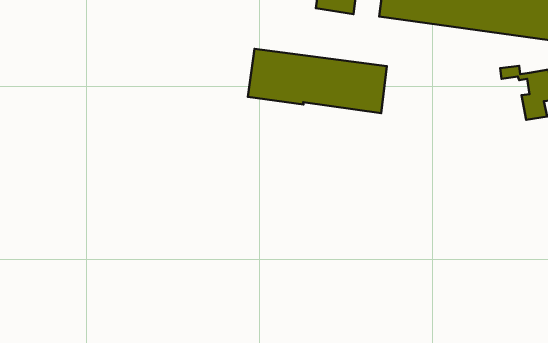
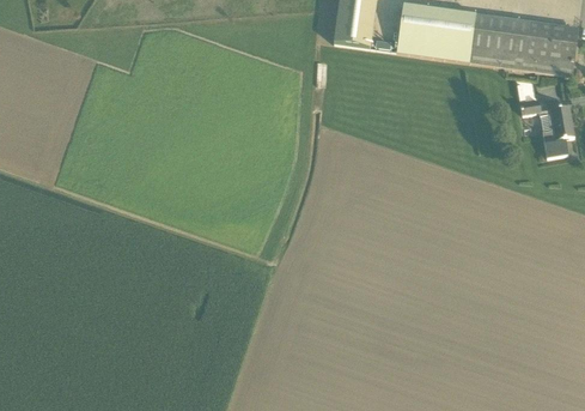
building: [248,49,387,113] -> none

